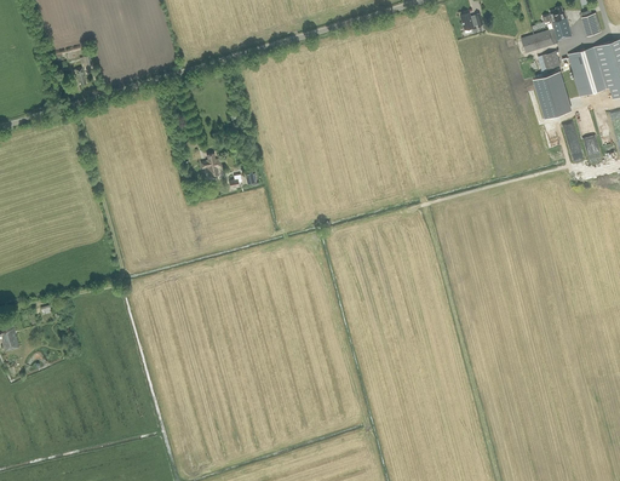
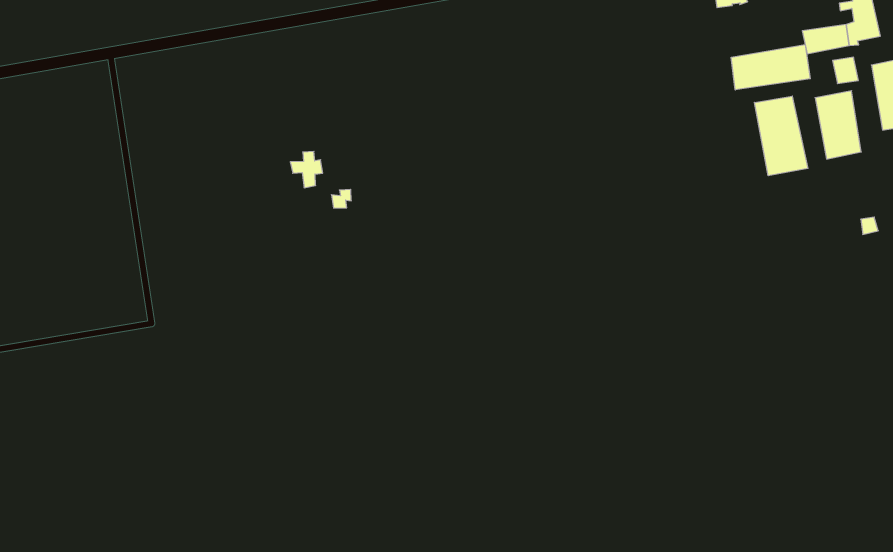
building: none -> [731,44,810,90]
building: none -> [754,96,808,176]

